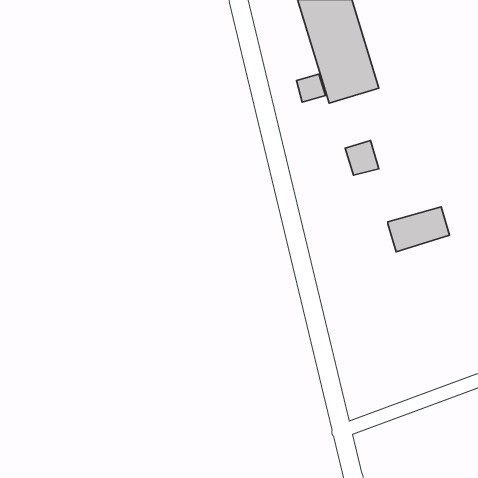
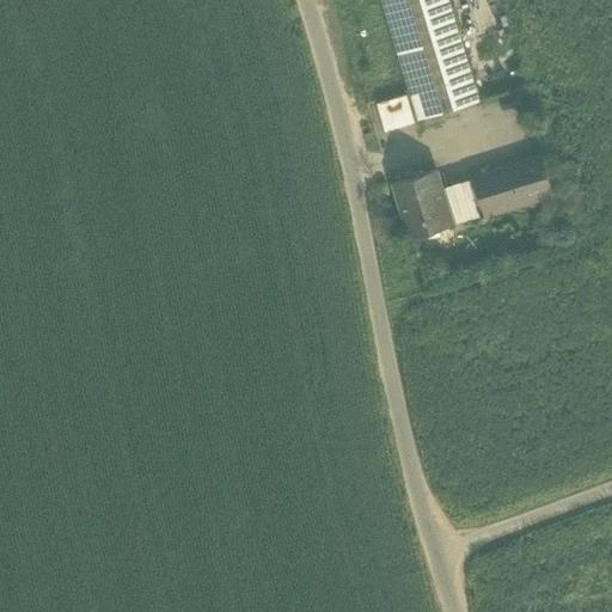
building: none -> [394,170,452,237]
building: [388,207,450,252] -> [473,158,552,215]

